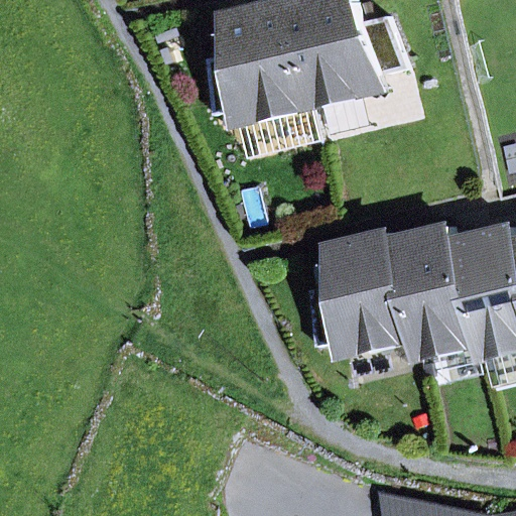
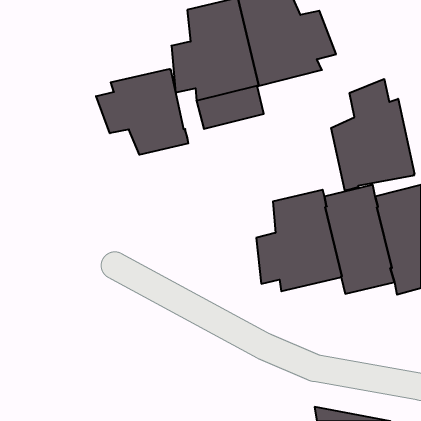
building: none -> [96,69,188,155]
building: none -> [331,79,414,191]

